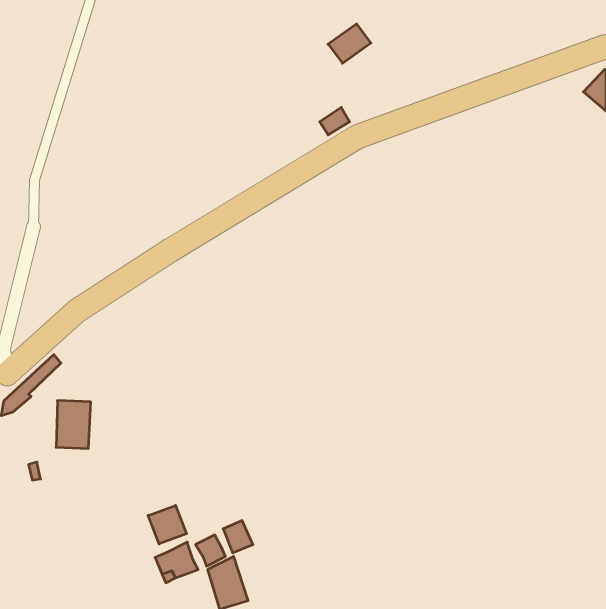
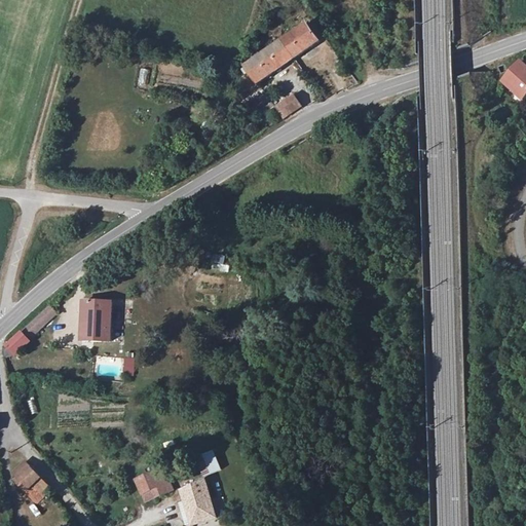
building: none -> [247,38,295,80]
building: [56,401,91,448] -> [80,299,110,340]
building: [148,505,187,544] -> none
building: none -> [11,461,46,499]

